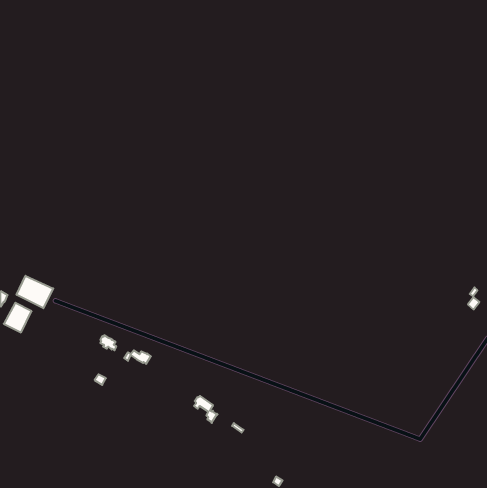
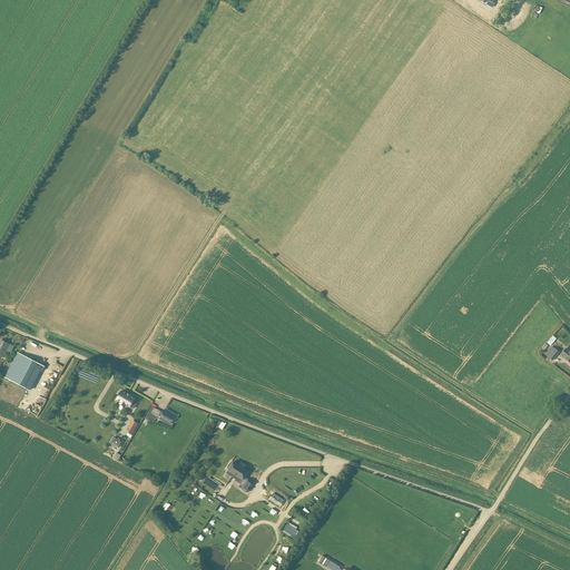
building: [17,276,53,308] -> none

